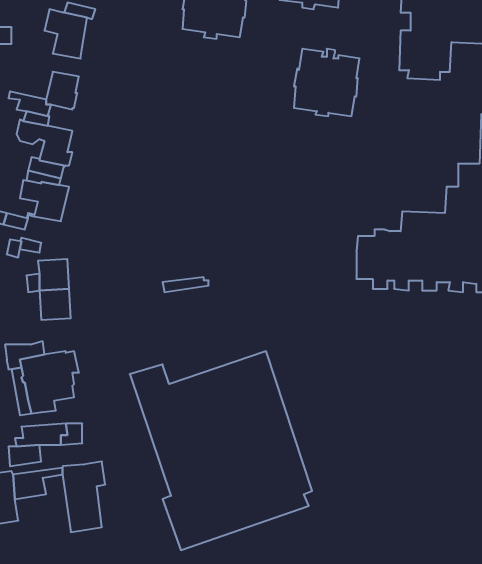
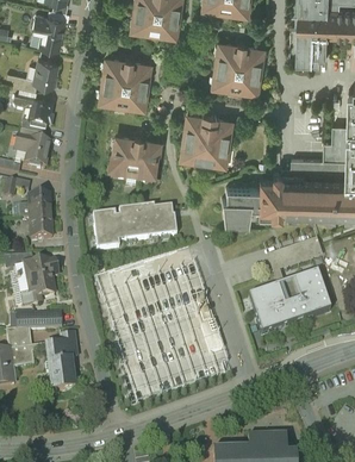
building: none -> [101,55,149,104]
building: none -> [182,111,230,161]
building: none -> [111,132,160,182]
building: none -> [223,185,260,231]
building: none -> [93,210,119,248]
building: none -> [123,214,178,239]
building: none -> [249,270,330,332]

